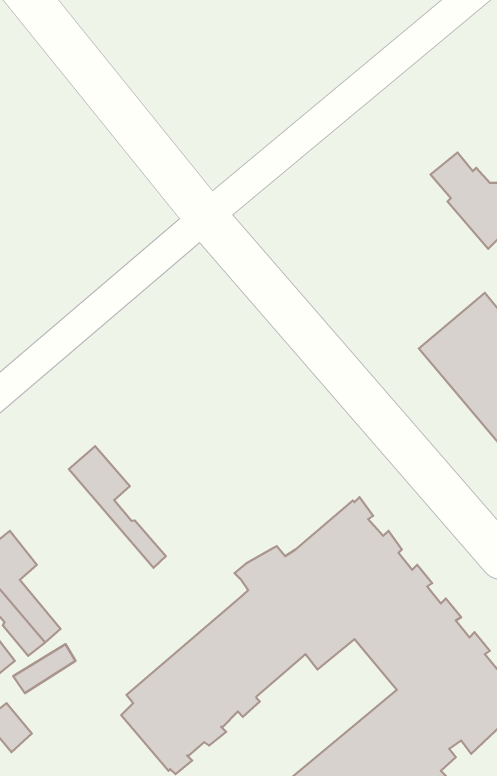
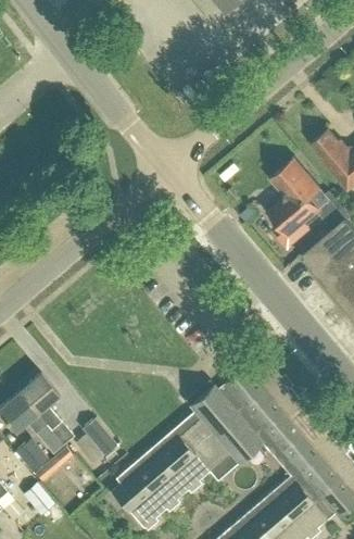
building: none -> [267,161,329,238]
building: [69,446,166,568] -> none
building: none -> [80,418,116,457]

